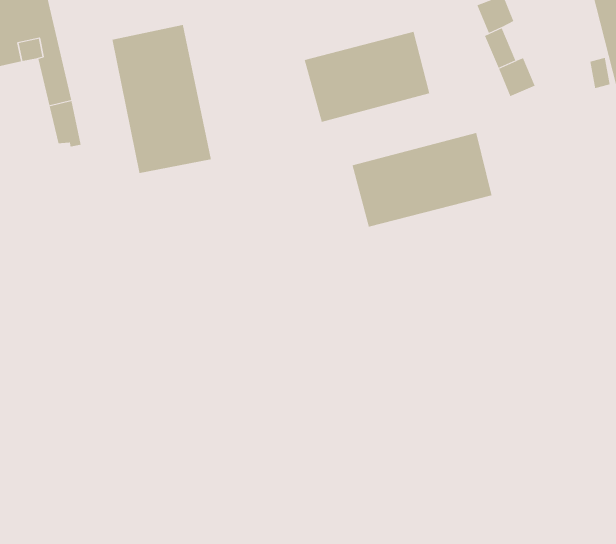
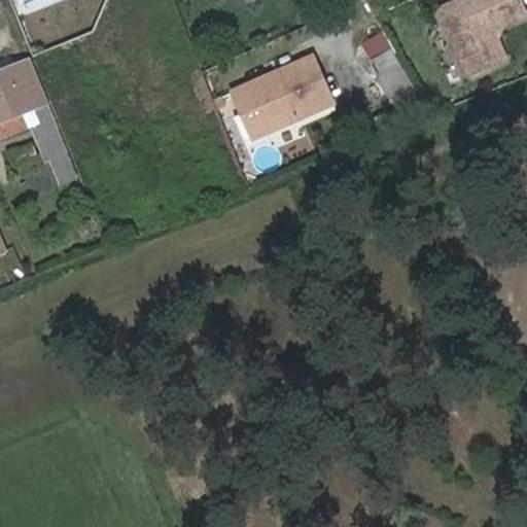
building: [112,24,211,174] -> none
building: [352,132,492,228] -> none

